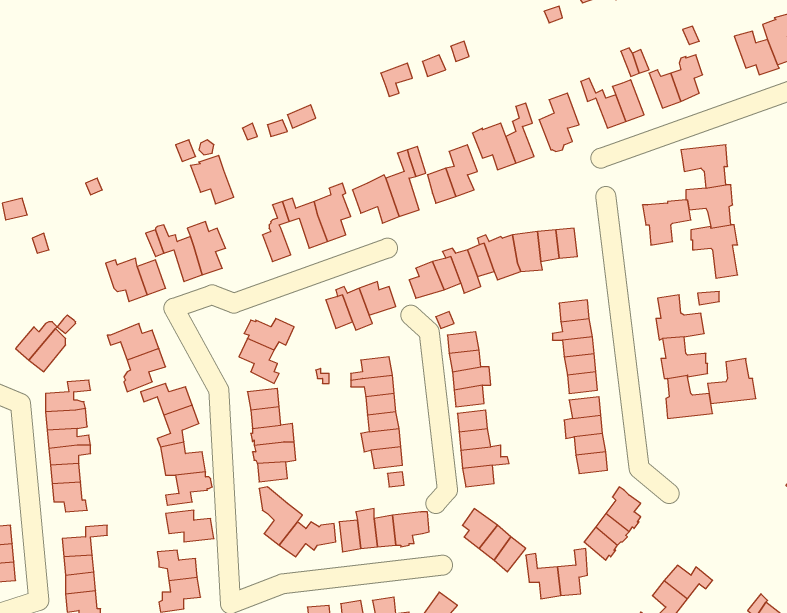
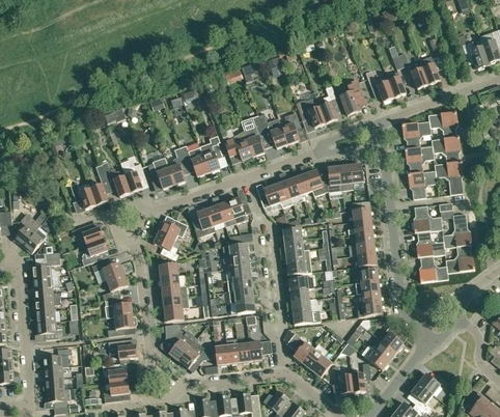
building: [190,155,234,204] -> [147,159,174,189]
building: none -> [401,121,432,149]
building: none -> [408,171,437,199]
building: none -> [192,208,215,237]
building: none -> [443,214,472,248]

